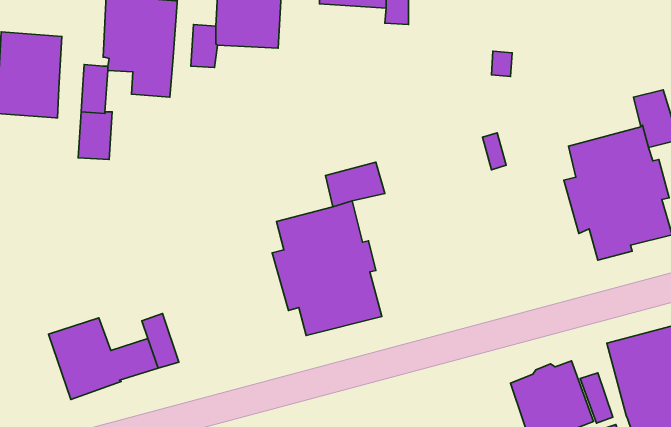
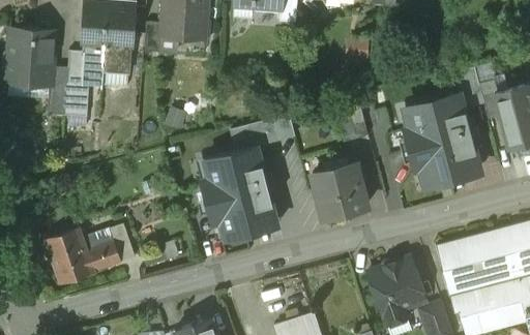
building: none -> [48,67,68,116]
building: none -> [313,163,366,218]

